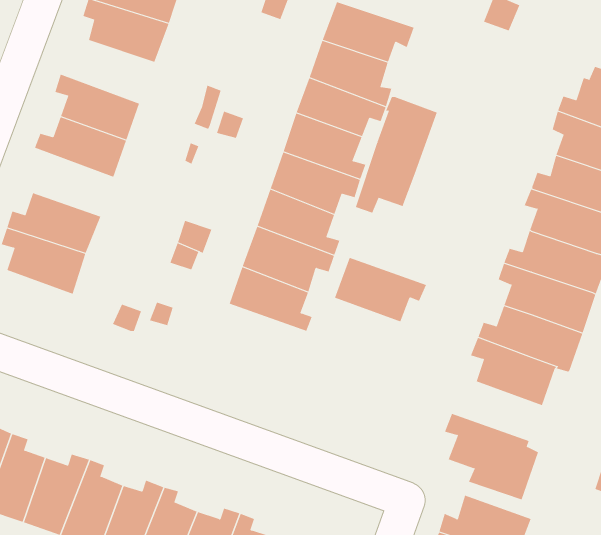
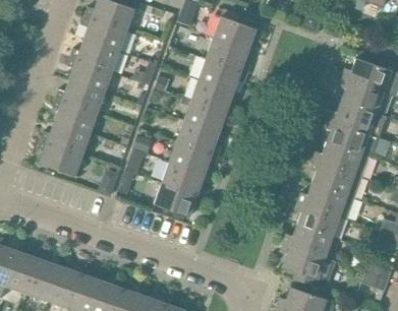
building: none -> [69,38,121,72]
building: [355,96,438,213] -> none
building: none -> [52,97,99,134]
building: [334,257,427,322] -> [154,182,205,217]
building: none -> [284,225,334,257]

